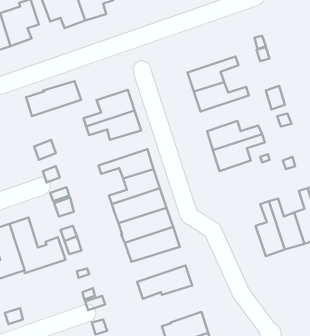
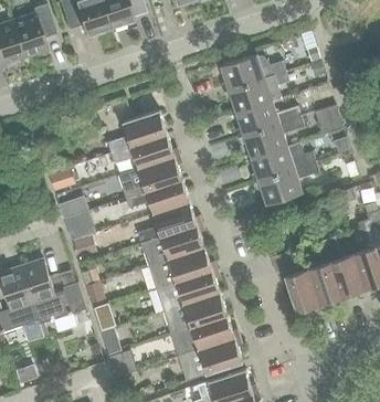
building: none -> [221,55,285,91]
building: [26,81,81,116] -> [118,158,182,199]
building: none -> [244,117,304,159]
building: none -> [277,253,320,313]
building: none -> [163,294,226,335]
building: none -> [177,339,242,381]

